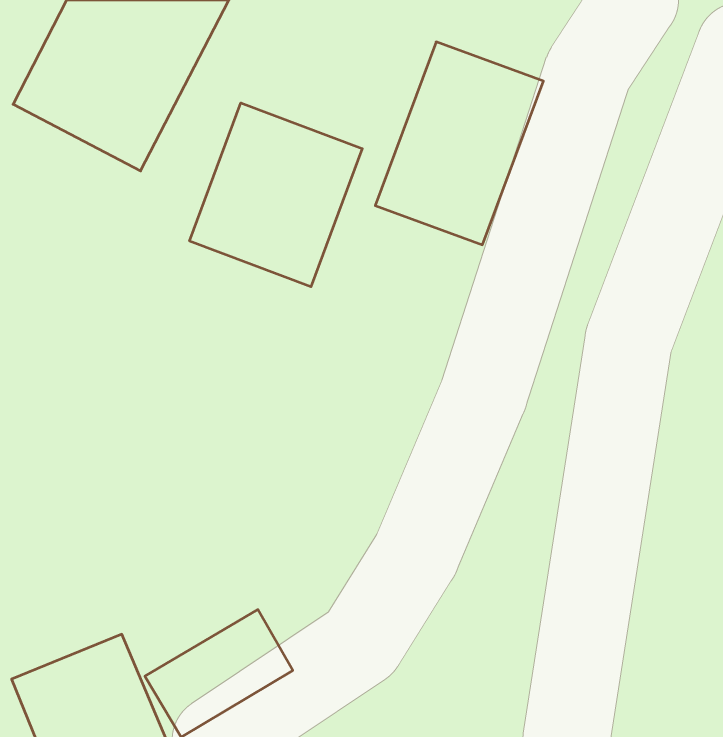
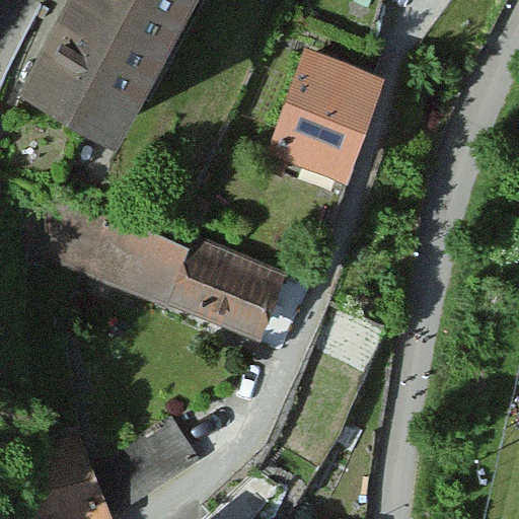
building: [190,103,362,287] -> none
building: none -> [43,208,304,344]

